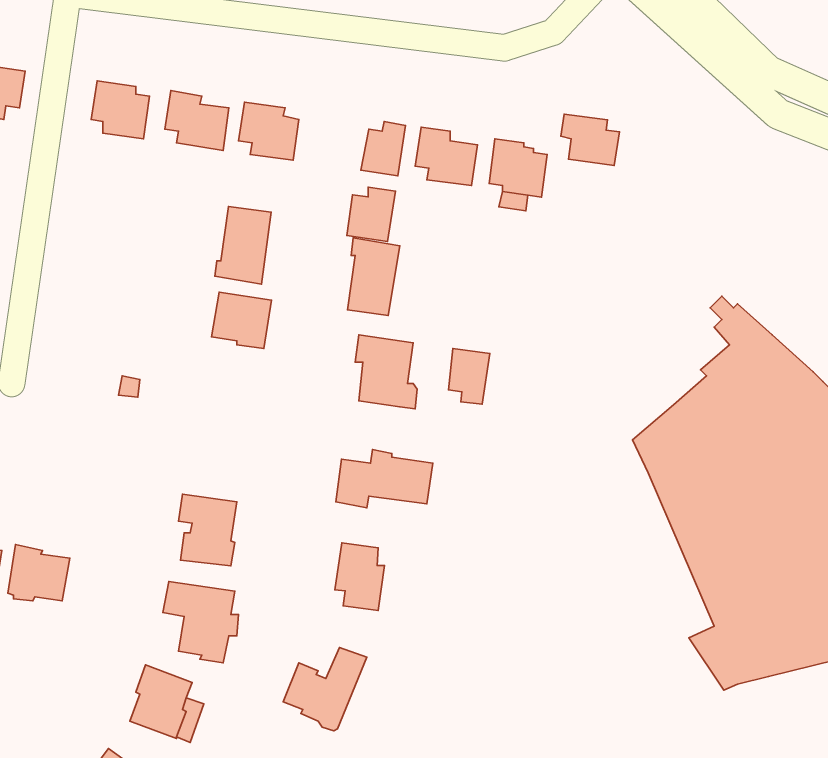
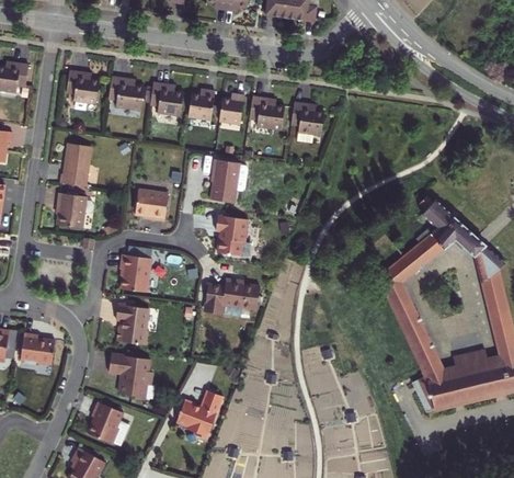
building: [561,114,619,165] -> none
building: [347,187,395,241] -> [189,89,216,119]
building: [215,206,271,284] -> [60,143,92,186]
building: none -> [57,192,92,228]
building: [448,348,490,404] -> none
building: none -> [124,253,155,292]
building: [335,543,385,611] -> none

